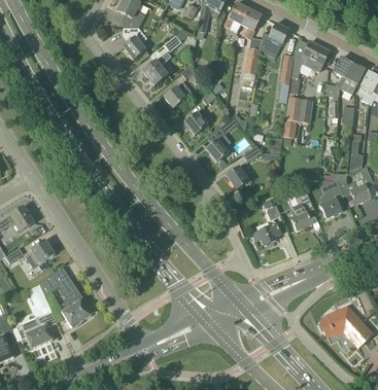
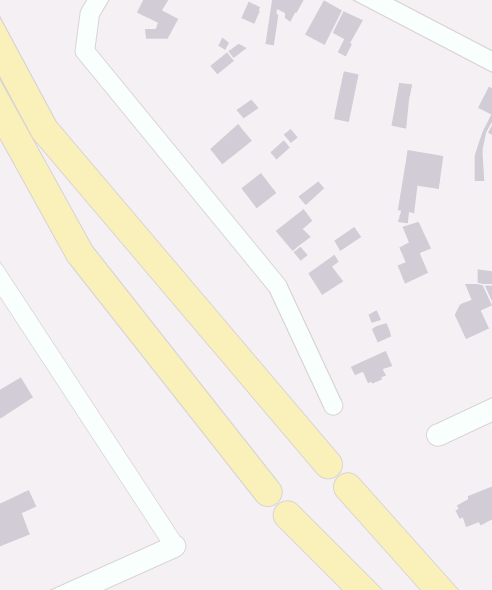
building: [260,23,289,54] -> none
building: [124,28,147,59] -> none
building: [293,39,330,77] -> none
building: [143,51,171,84] -> none
building: [291,190,314,231] -> [396,221,432,285]
building: [39,267,91,327] -> none

